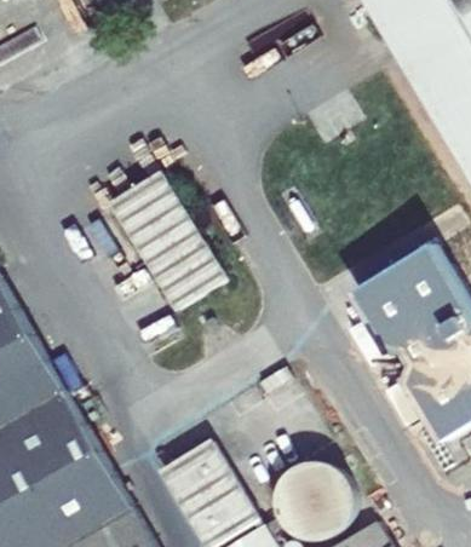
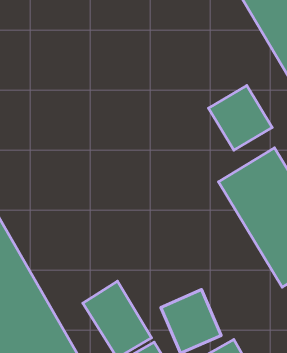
building: none -> [208,85,272,150]
building: [113,172,229,310] -> none

